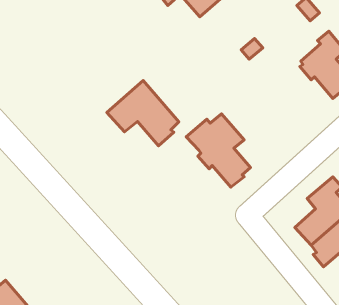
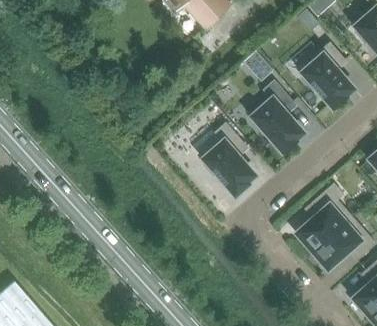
building: none -> [251,81,302,152]
building: [107,80,179,146] -> none

